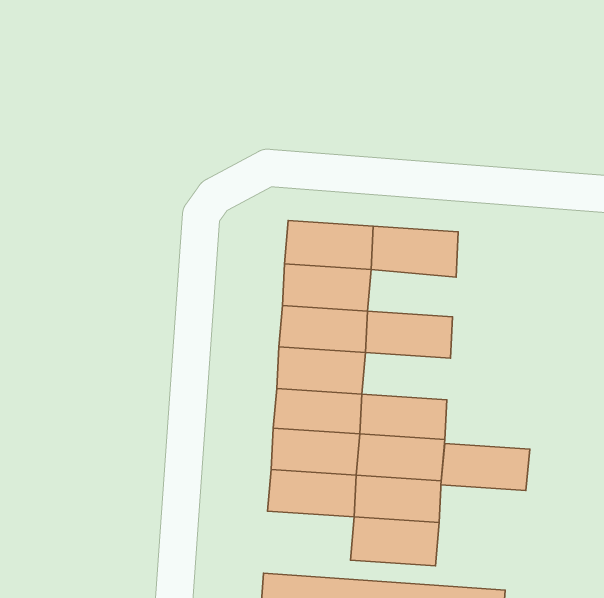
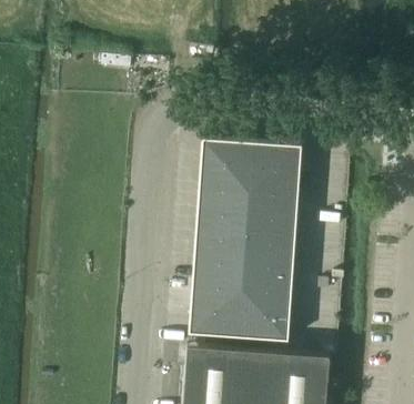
building: none -> [249,169,301,196]
building: [441,443,530,491] -> [245,218,297,245]
building: none -> [189,311,241,340]

